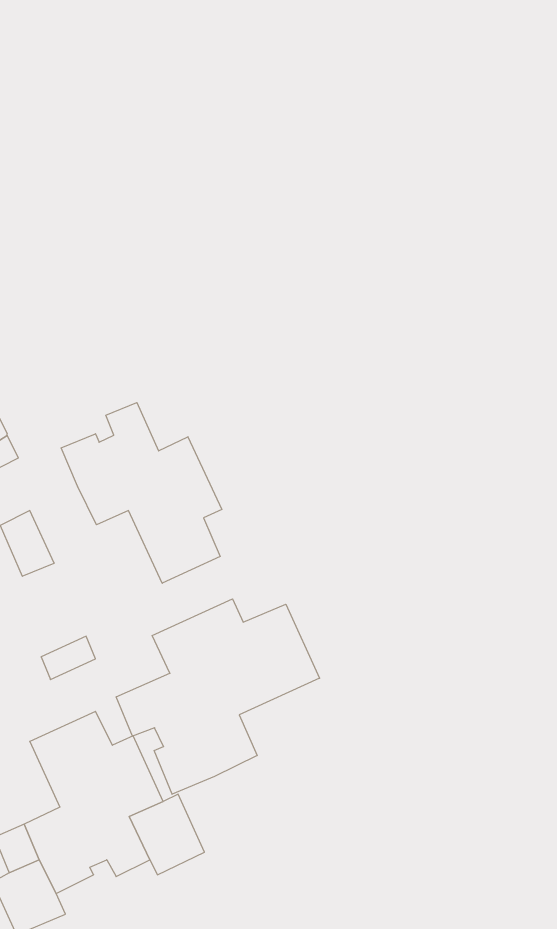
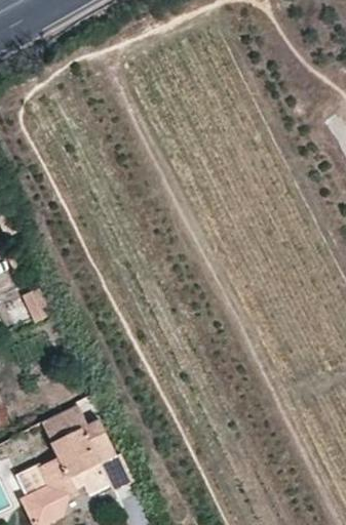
building: [61,403,222,583] -> none
building: [116,599,320,794] -> none

